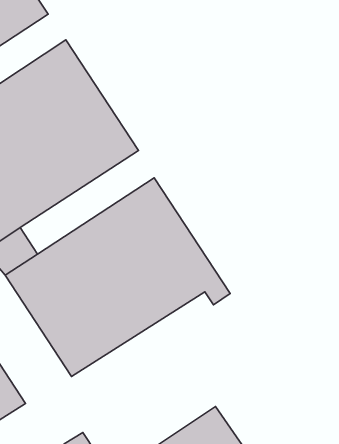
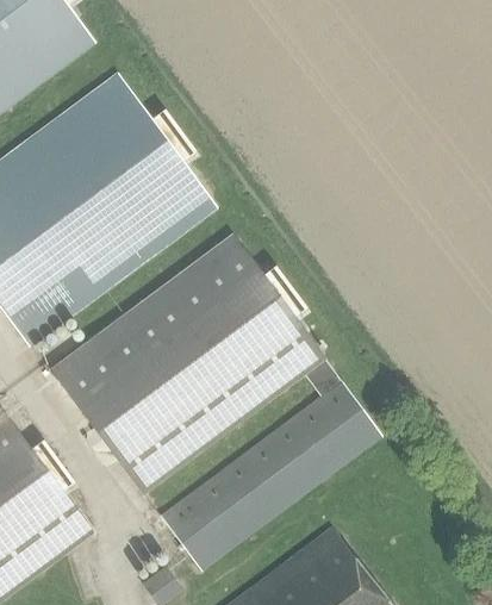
building: none -> [162,379,385,570]

